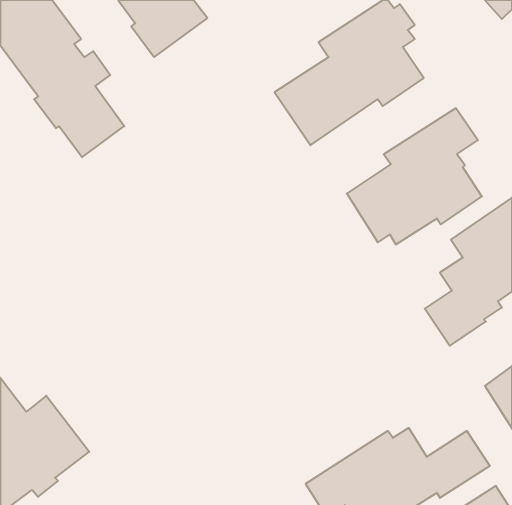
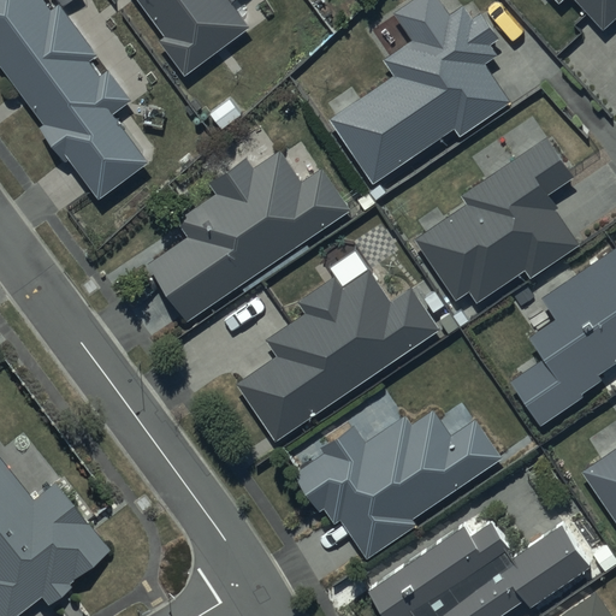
building: none -> [152,152,351,319]
building: none -> [236,251,440,442]
building: none -> [294,409,502,558]

